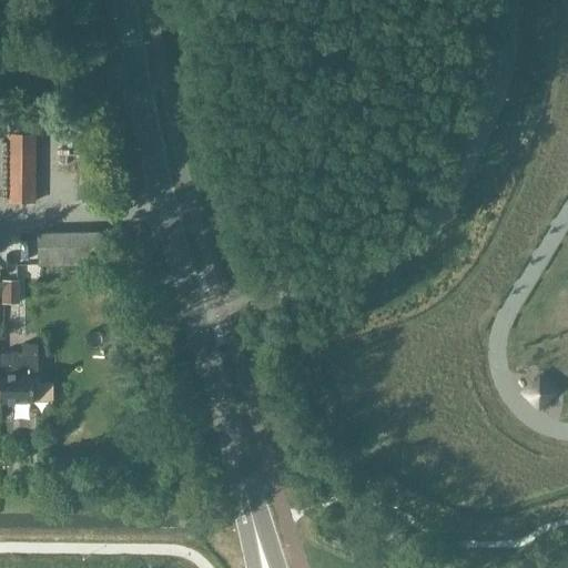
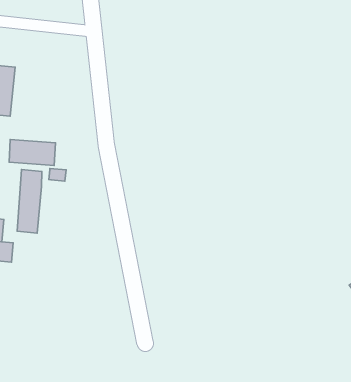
building: none -> [17,170,42,233]

